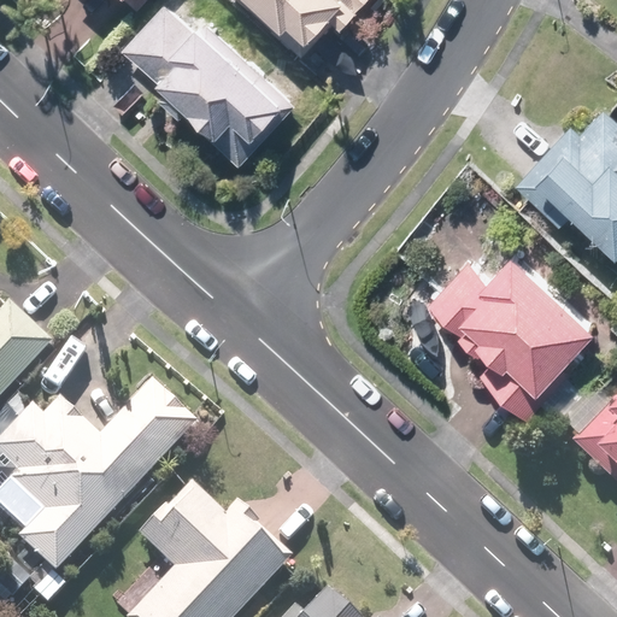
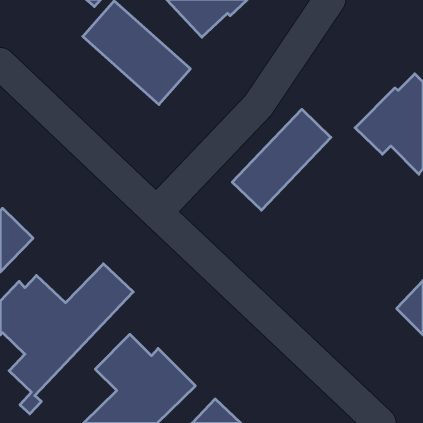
building: none -> [232,109,331,210]
building: [442,249,593,425] -> none

